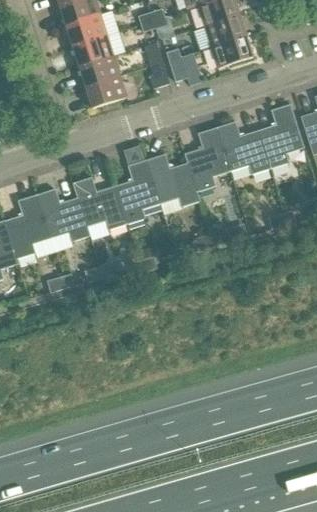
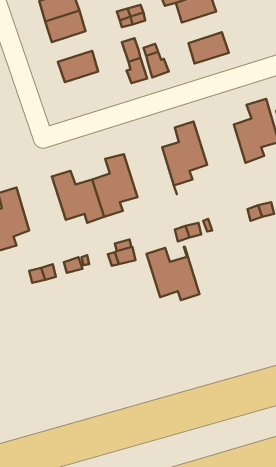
building: [205,15,246,47] -> none
building: [73,35,114,66] -> none
building: [86,76,127,108] -> none
building: [217,121,270,175] -> none
building: [146,153,200,207] -> [146,247,199,300]
building: [37,183,90,241] -> none

